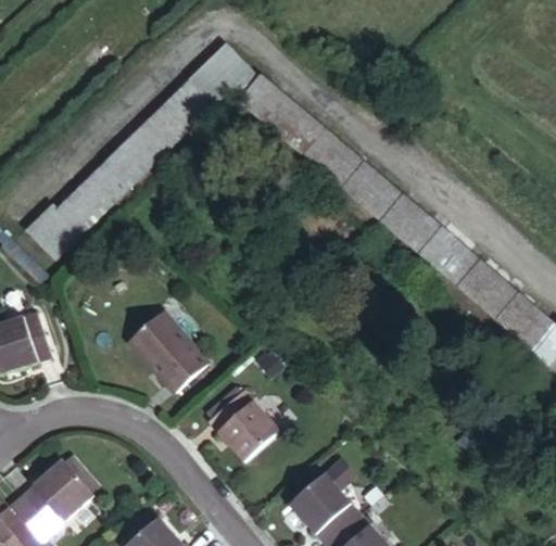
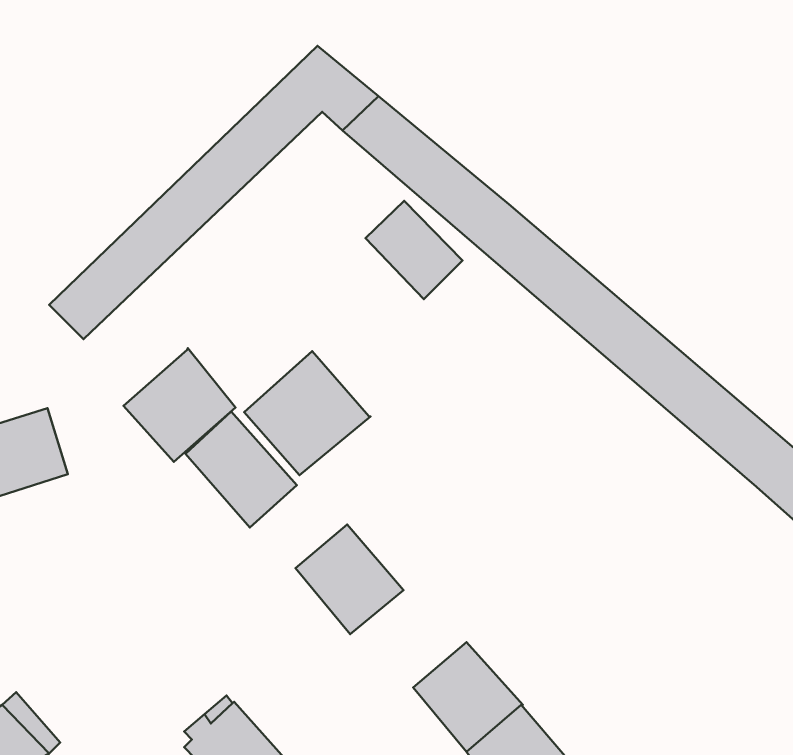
building: none -> [366,201,463,299]
building: none -> [124,348,236,462]
building: none -> [244,351,370,475]
building: [27,447,102,522] -> none

